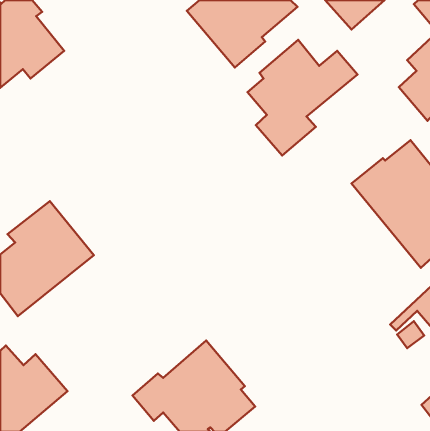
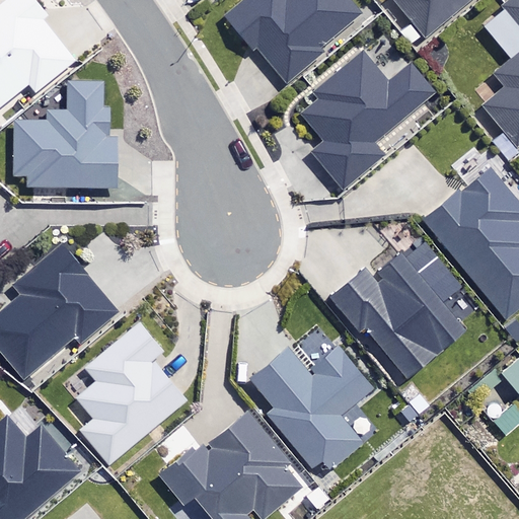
building: none -> [12,77,113,186]
building: none -> [331,243,467,379]
building: none -> [75,321,183,461]
building: none -> [253,345,374,466]

